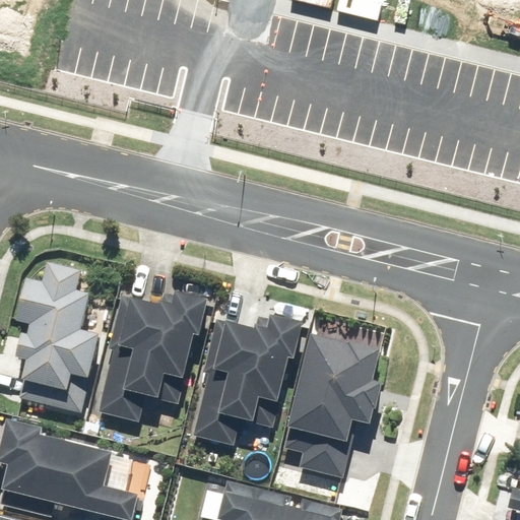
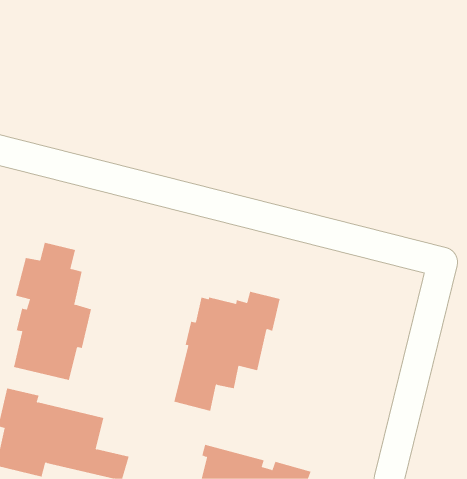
building: [92,291,208,421] -> none
building: [278,334,383,477] -> none

